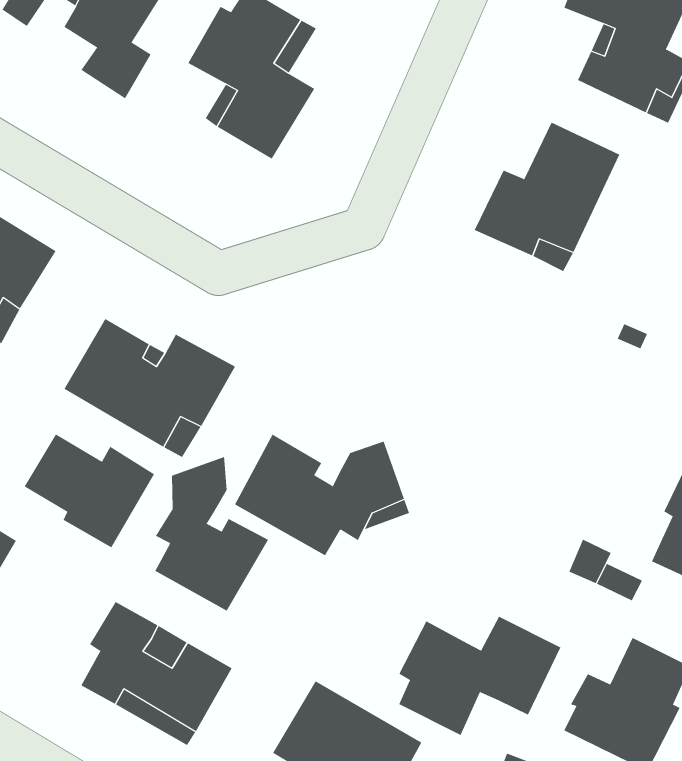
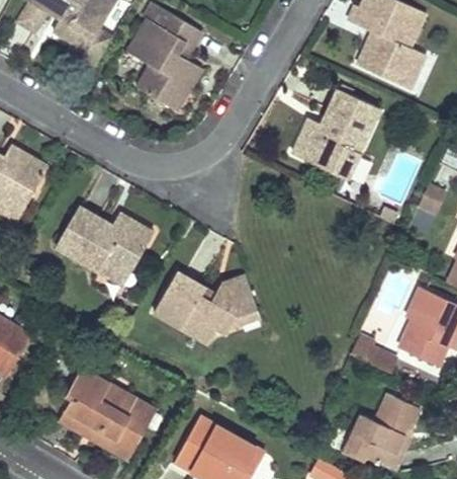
building: [24,433,155,548] -> none
building: [155,456,269,612] -> none
building: [398,616,561,736] -> none

